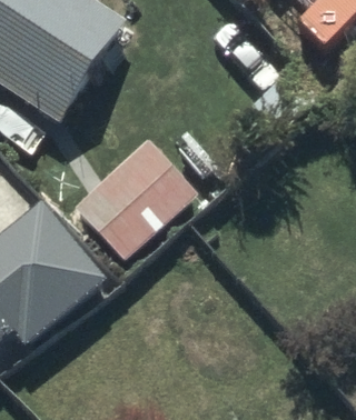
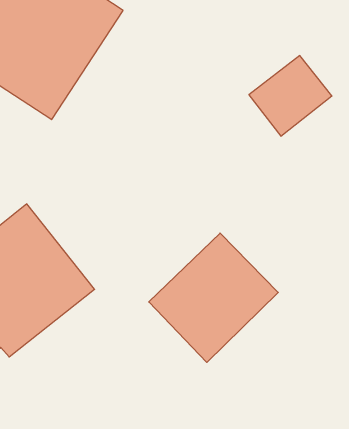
building: [77,140,198,261] -> [149,233,278,362]

